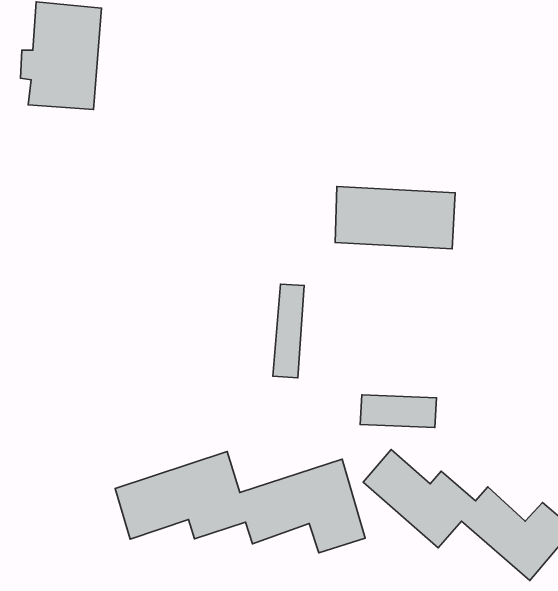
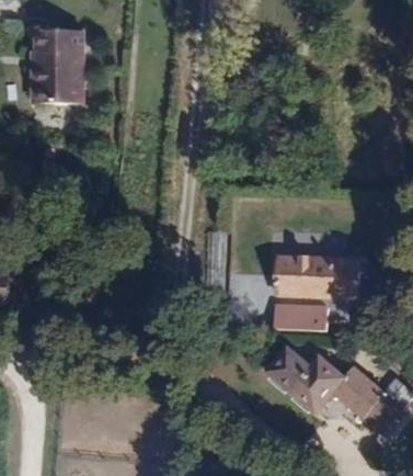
building: [335,186,455,249] -> [275,253,359,297]
building: [115,451,365,553] -> none

